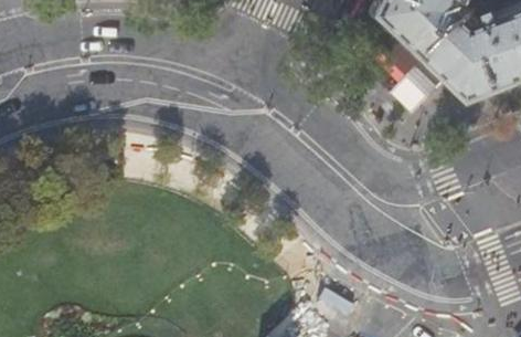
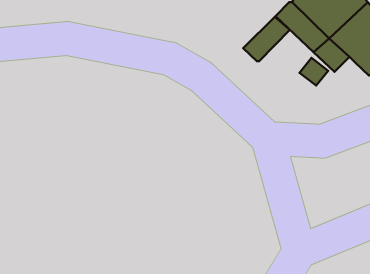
building: none -> [243,17,290,61]

